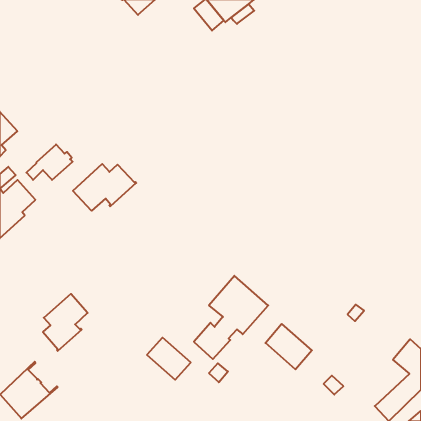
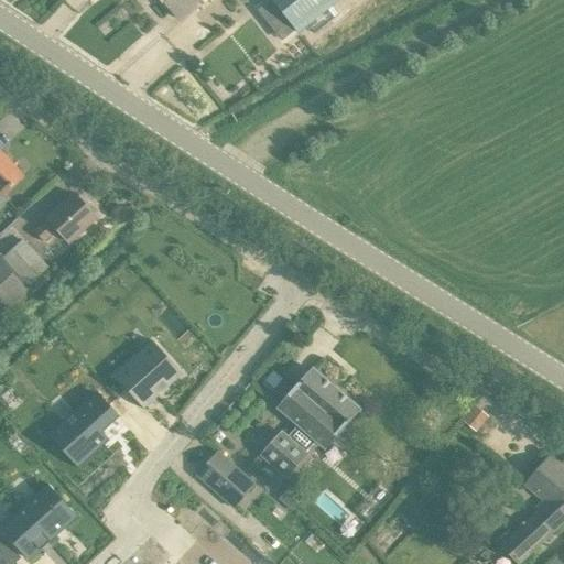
building: [73,164,136,211] -> none
building: none -> [113,340,175,409]
building: [265,324,312,369] -> none

